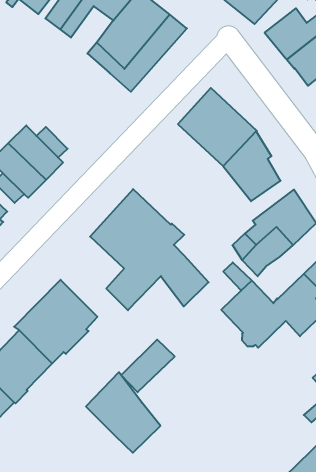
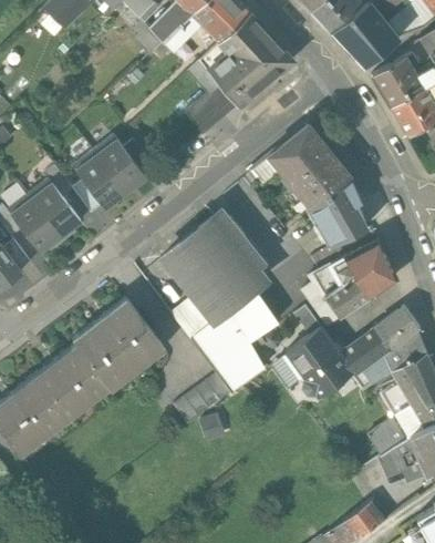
building: none -> [185,95,227,137]
building: [86,372,160,453] -> [191,310,265,395]

